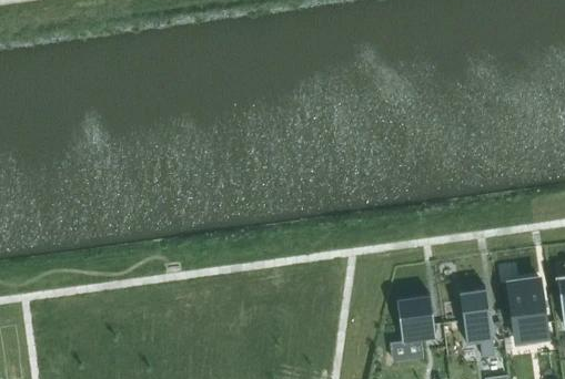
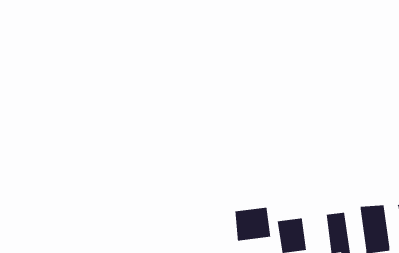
building: none -> [235,207,271,242]

